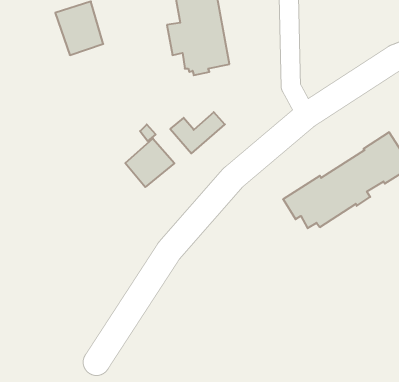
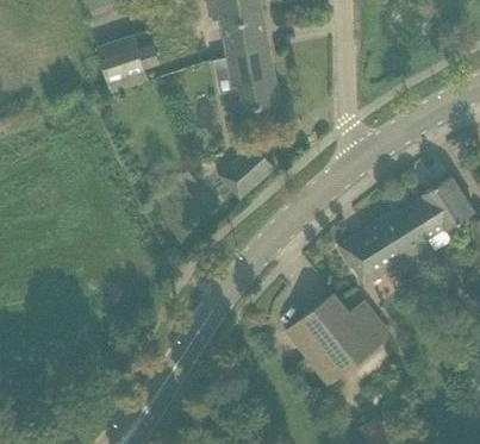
building: [125,138,174,187] -> none
building: none -> [286,292,392,384]

